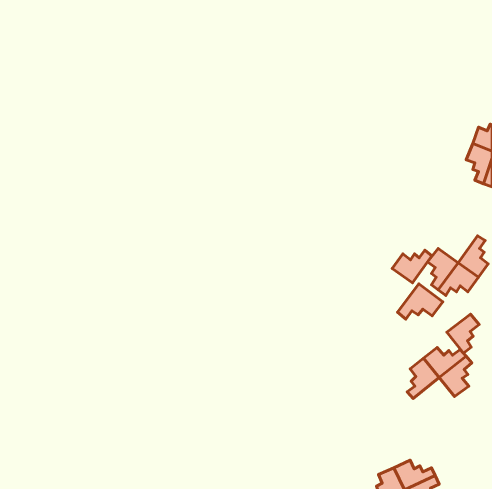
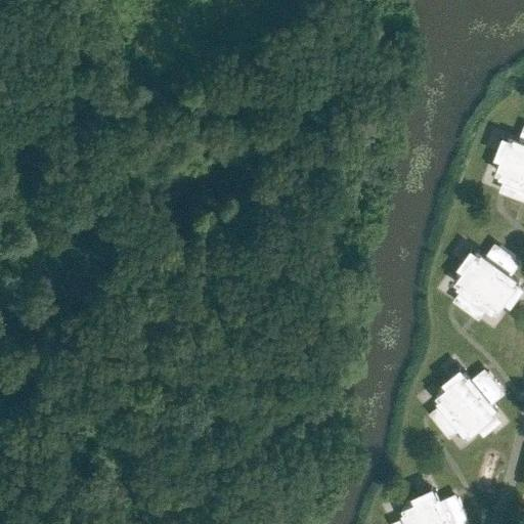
building: [392,250,432,283] -> [466,248,508,282]
building: [398,284,443,319] -> none
building: [447,314,479,353] -> none
building: none -> [439,404,483,437]

